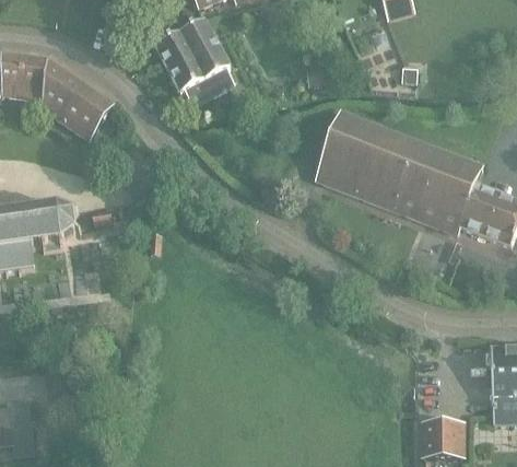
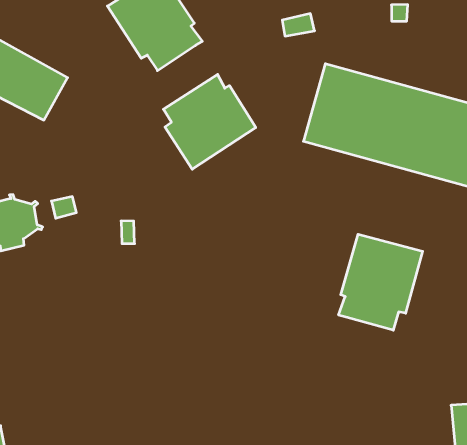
building: none -> [163,74,256,169]
building: none -> [339,234,423,330]

